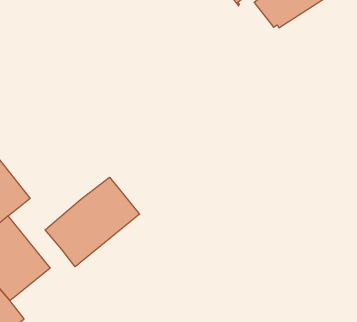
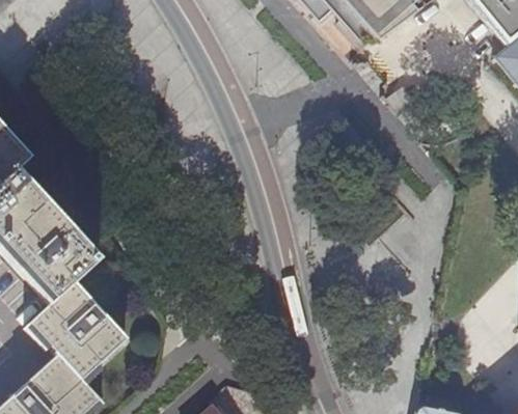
building: [45,177,140,267] -> none

